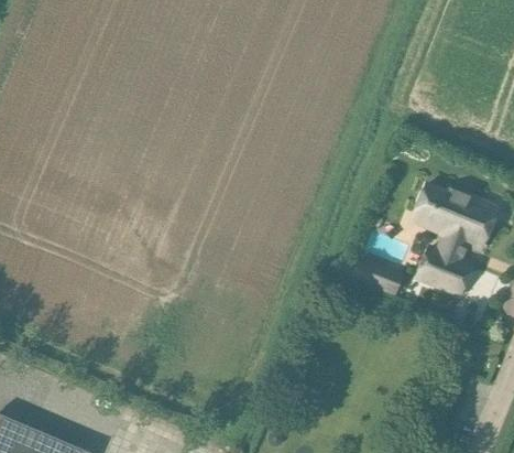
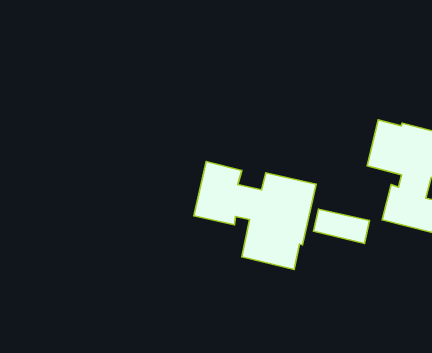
building: none -> [194,162,316,269]

